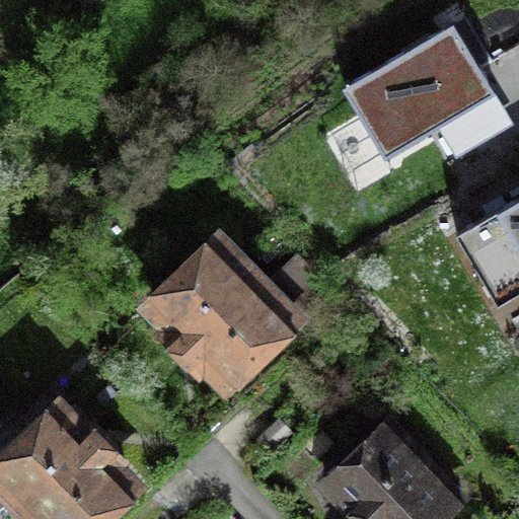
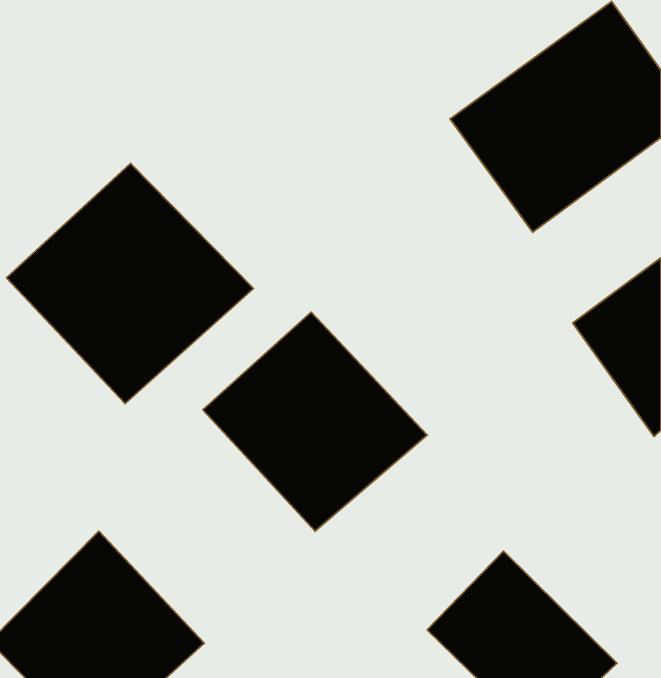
building: none -> [7,163,253,404]

